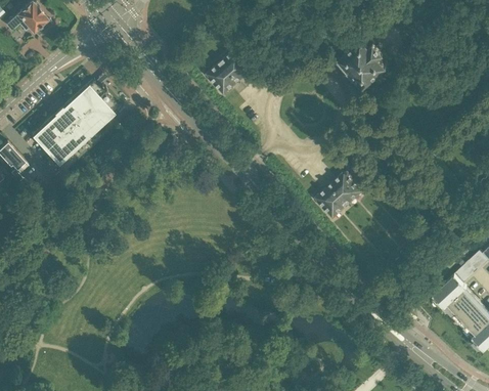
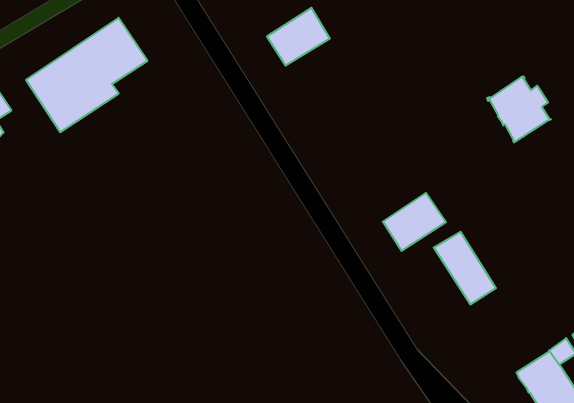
building: [336,40,386,90] -> [487,76,551,142]
building: none -> [434,232,496,305]

